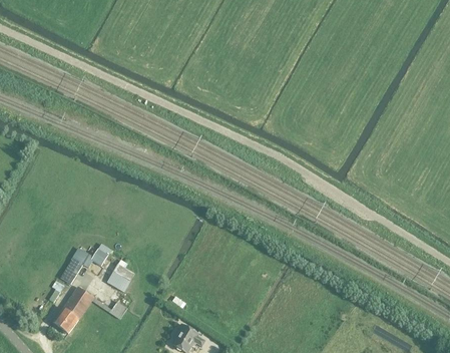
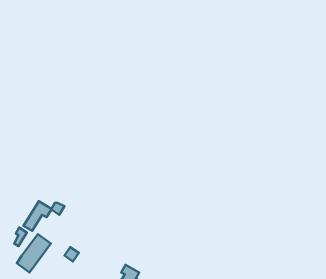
building: [109,267,135,293] -> none

